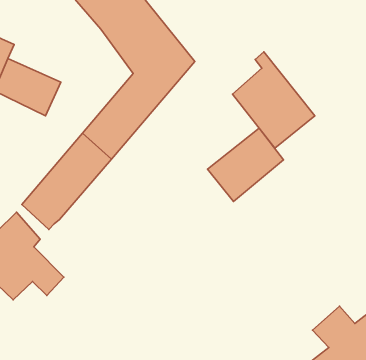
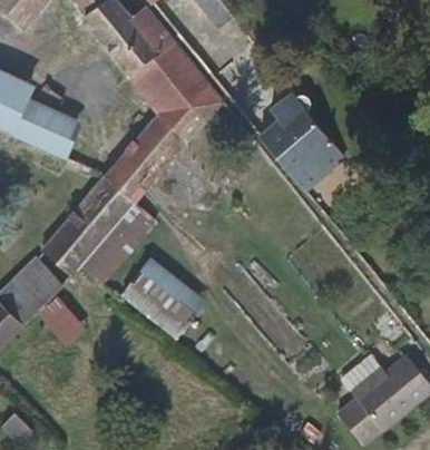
building: [208,128,283,202] -> none
building: none -> [81,202,156,282]
building: none -> [120,263,202,338]

